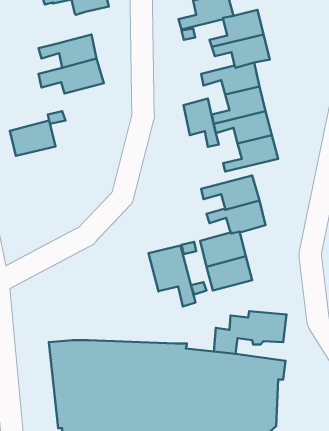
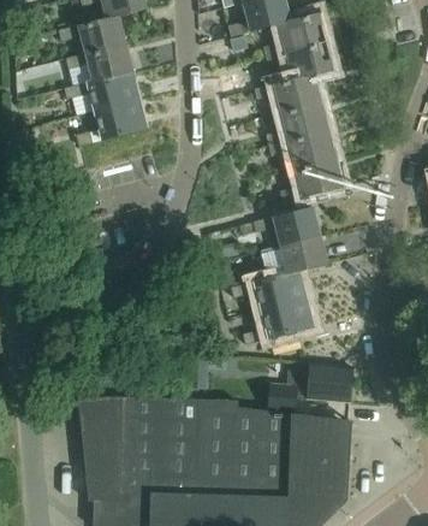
building: none -> [58,17,126,54]
building: [183,98,219,147] -> none
building: [10,121,55,156] -> [95,100,148,141]
building: [149,245,195,306] -> none

